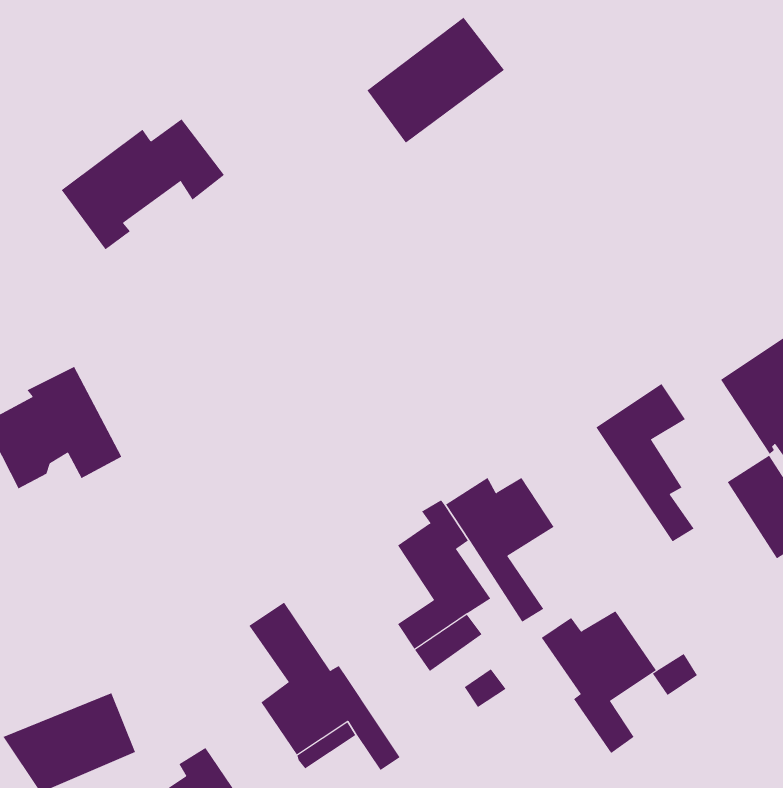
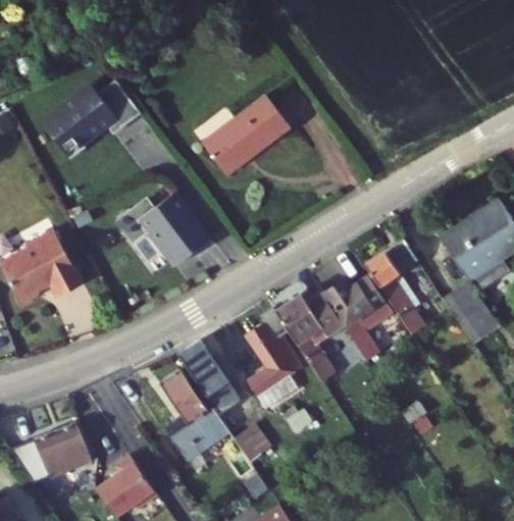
building: [366,17,505,143] -> [203,97,286,172]
building: none -> [118,192,211,261]
building: none -> [177,342,240,416]
building: [541,610,657,754] -> [324,276,394,362]
building: none -> [233,422,271,462]

